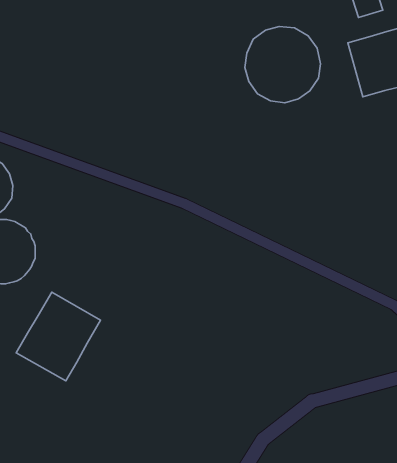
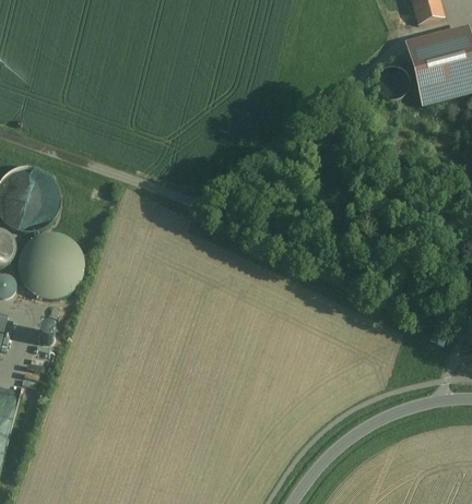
building: [245,26,320,103] -> none
building: [16,292,101,381] -> none

